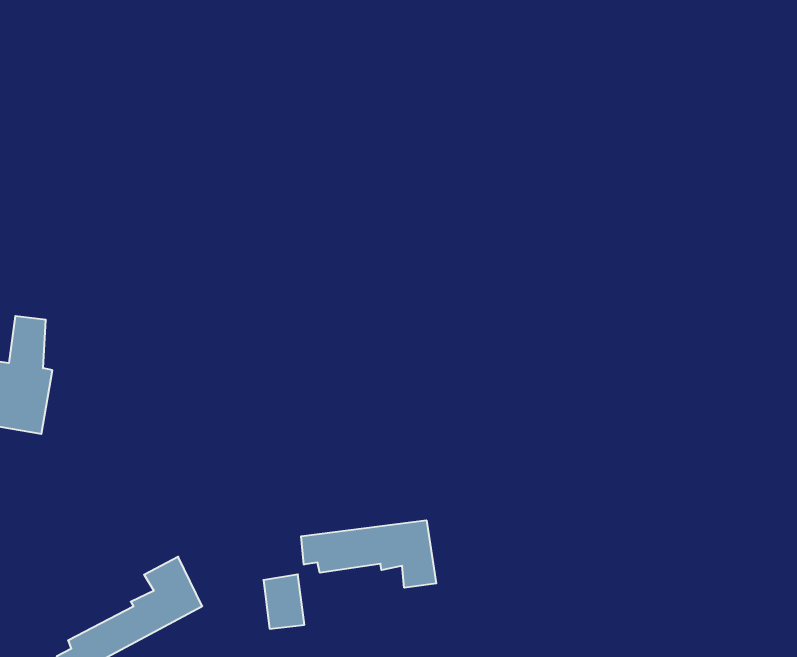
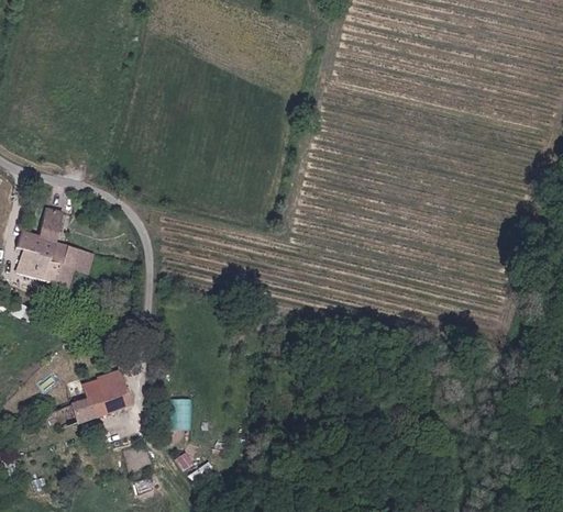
building: none -> [48,244,91,288]
building: [301,520,436,588] -> none

